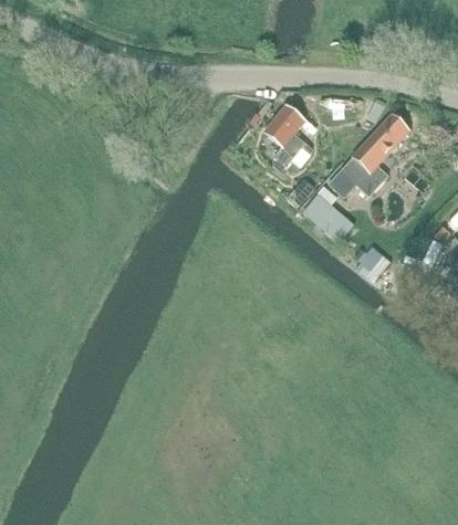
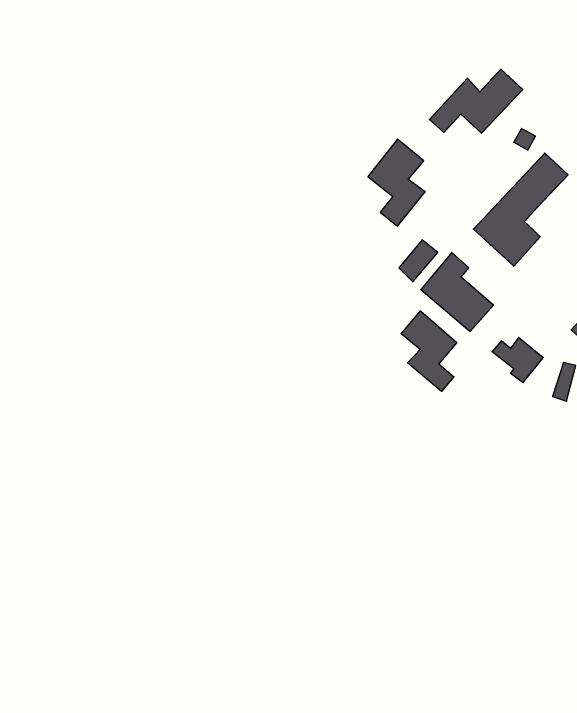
building: none -> [429,69,523,133]
building: none -> [401,311,457,391]

